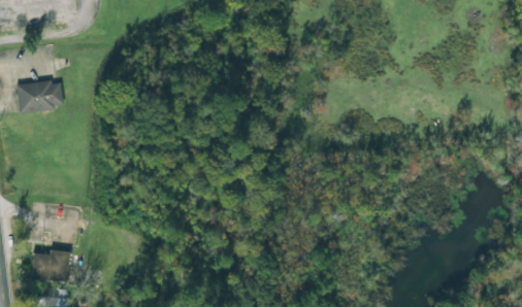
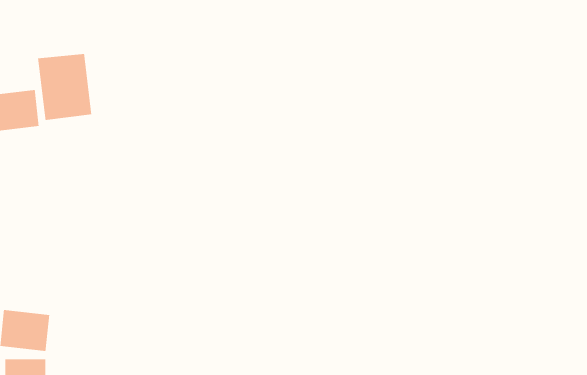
building: none -> [37,53,92,121]

